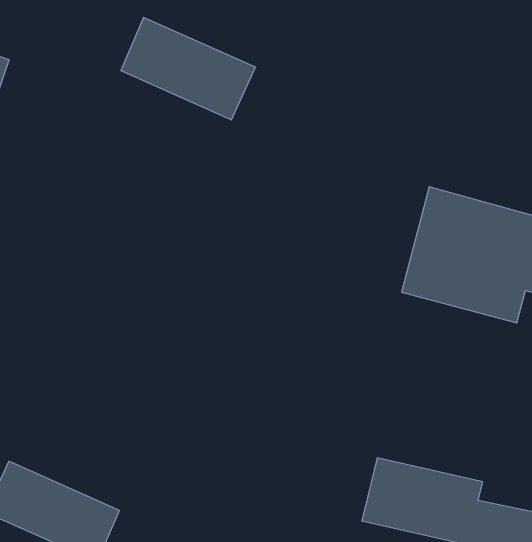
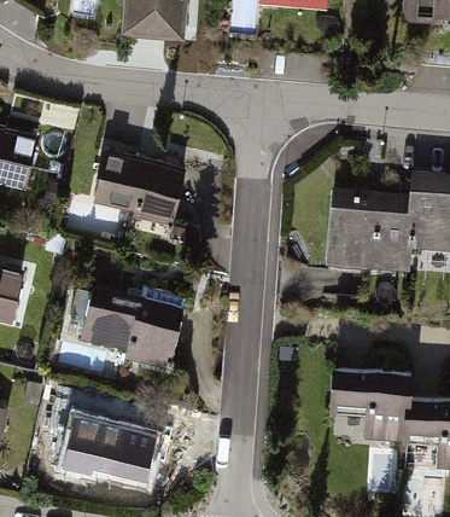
building: [121,17,256,120] -> [92,159,183,220]
building: none -> [83,303,175,364]

